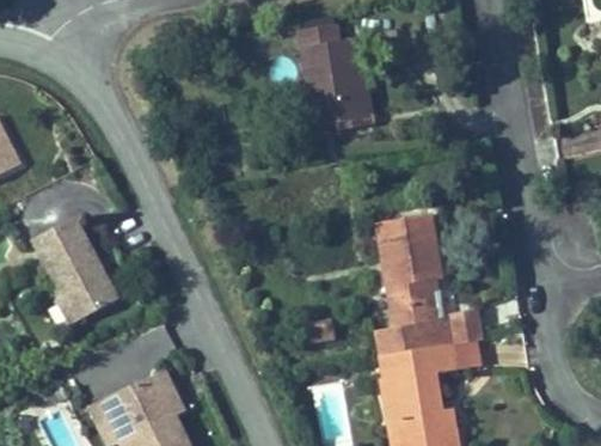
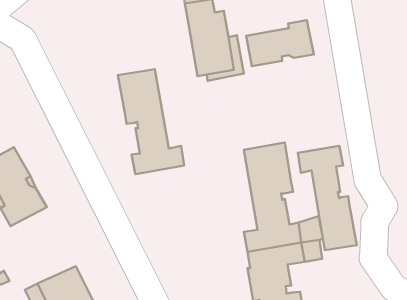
building: none -> [246,20,314,66]
building: none -> [118,69,184,174]
building: none -> [298,146,357,250]

